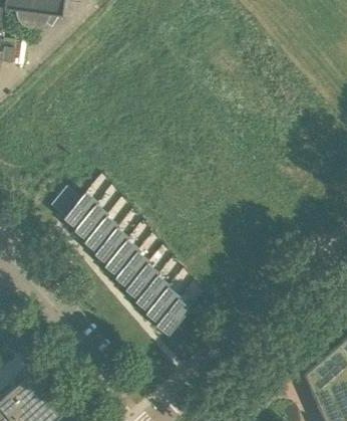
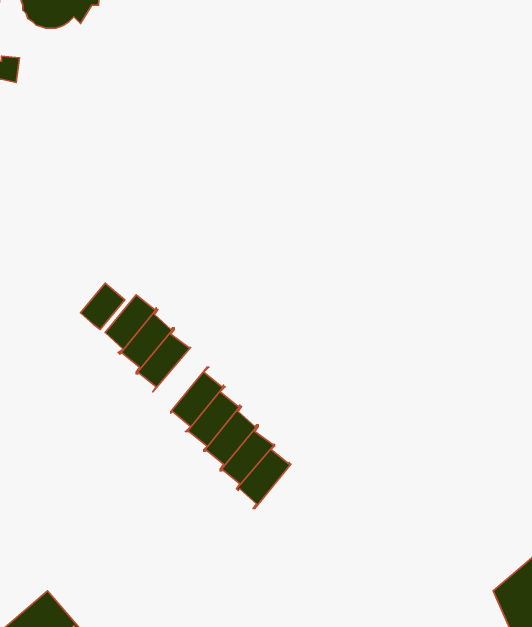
building: [96,225,129,264] -> none
building: [158,296,192,336] -> none

